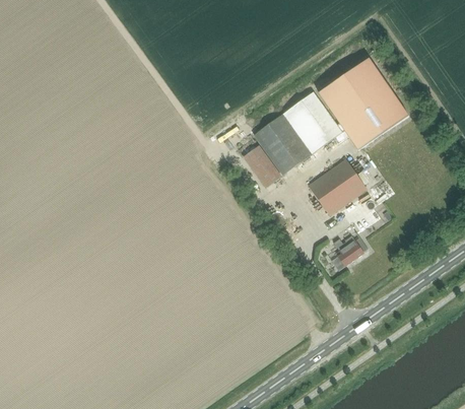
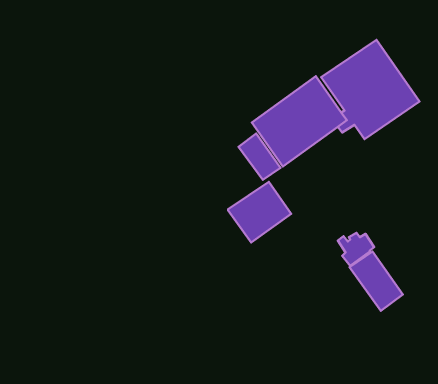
building: [308,159,366,215] -> [228,182,291,242]
building: none -> [349,251,403,311]

